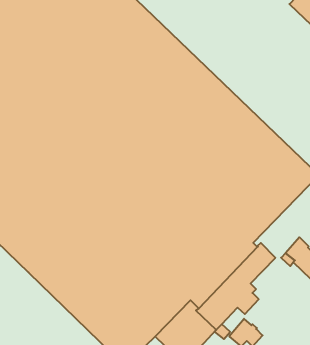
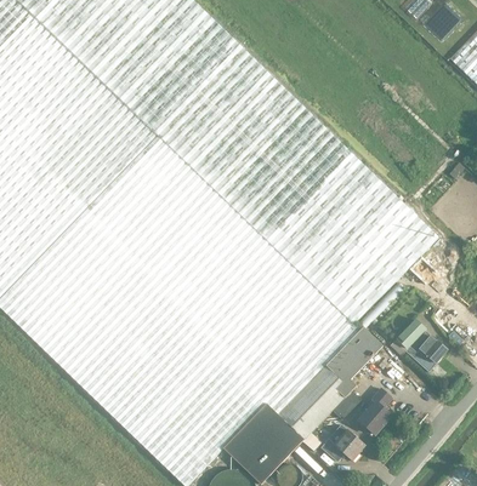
building: none -> [359,388,392,435]

